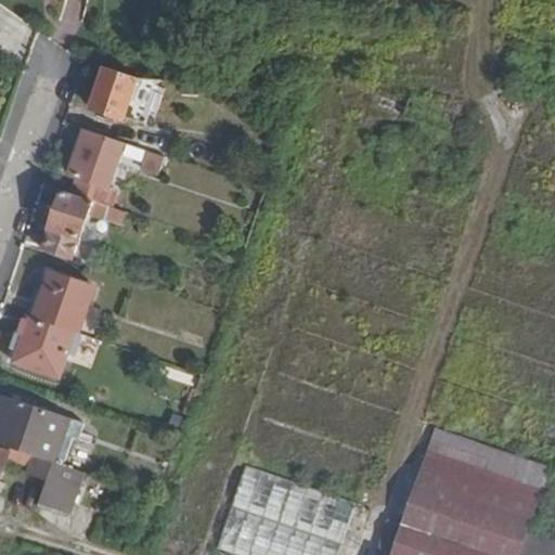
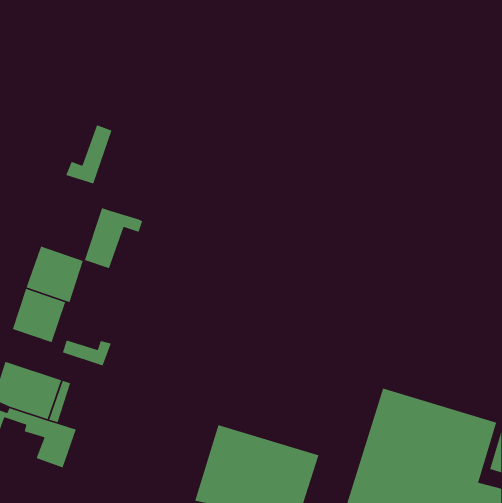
building: [90,68,160,128] -> none
building: [68,130,106,182] -> none
building: [42,191,107,259] -> [84,207,143,269]
building: none -> [62,339,112,366]

